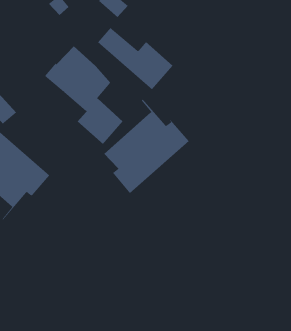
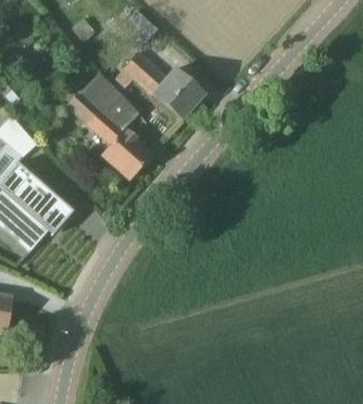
building: [103,99,190,194] -> none

